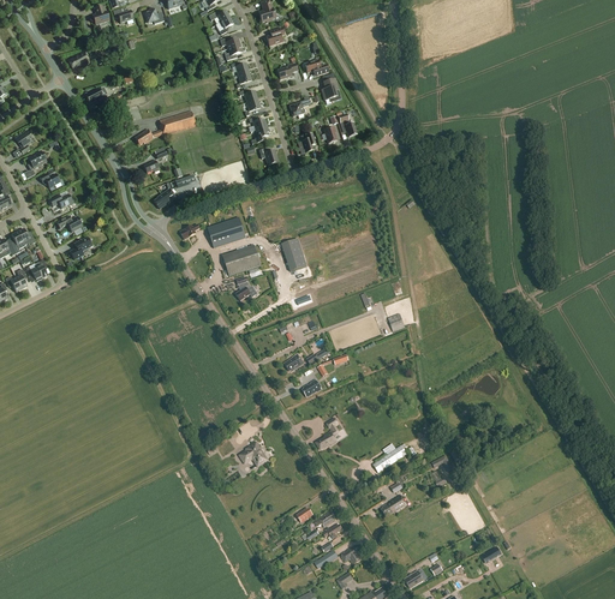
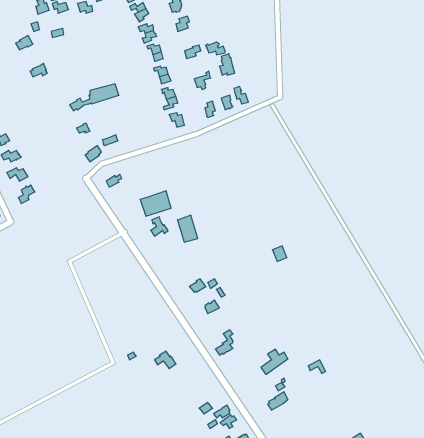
building: [207,218,245,248] -> none
building: [285,238,310,271] -> [177,215,198,242]

